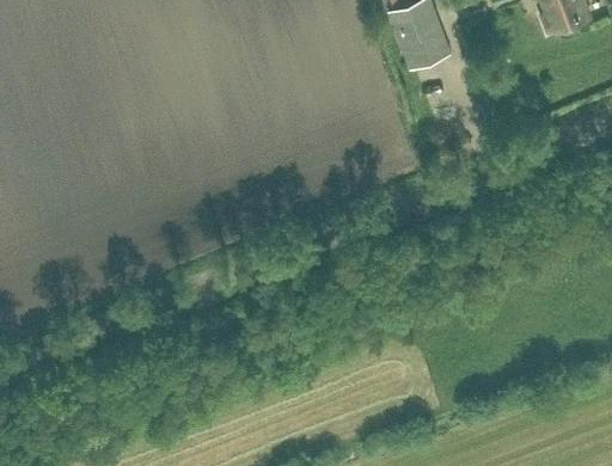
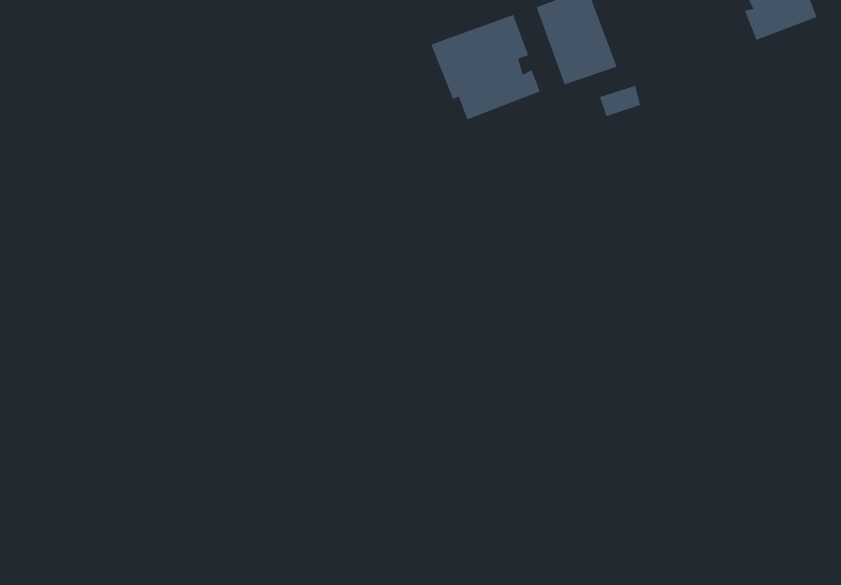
building: none -> [430,14,541,120]

